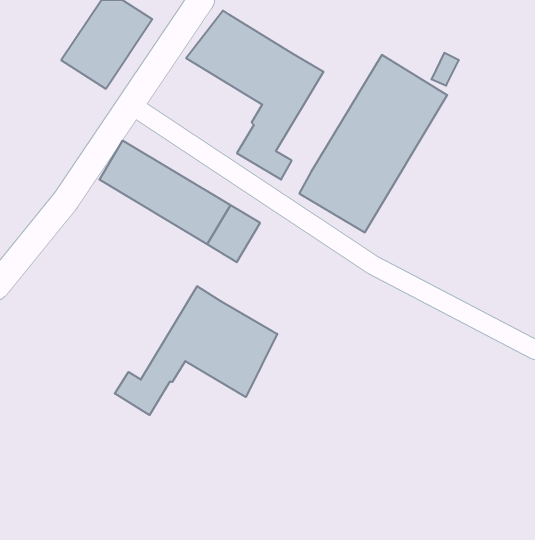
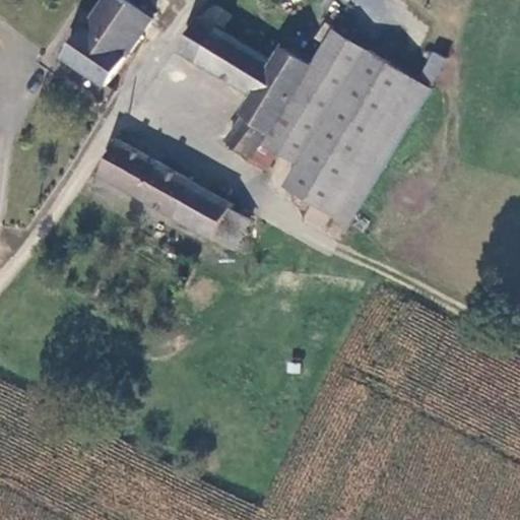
building: none -> [265,32,367,166]
building: [115,286,277,415] -> none

